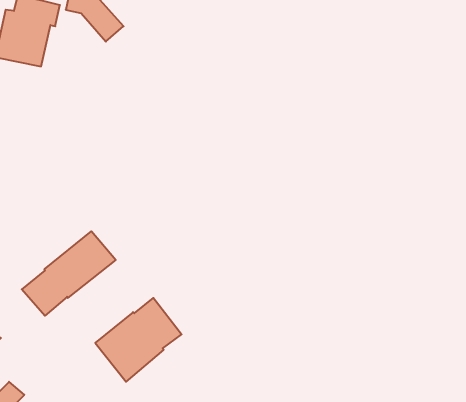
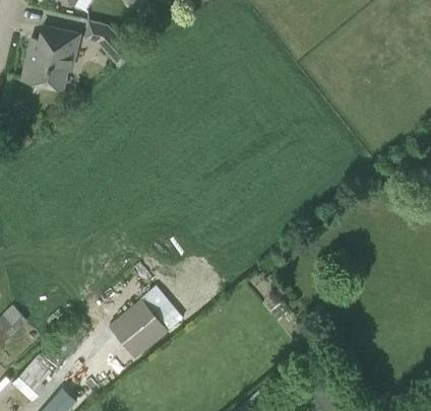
building: [22,231,116,316] -> none

